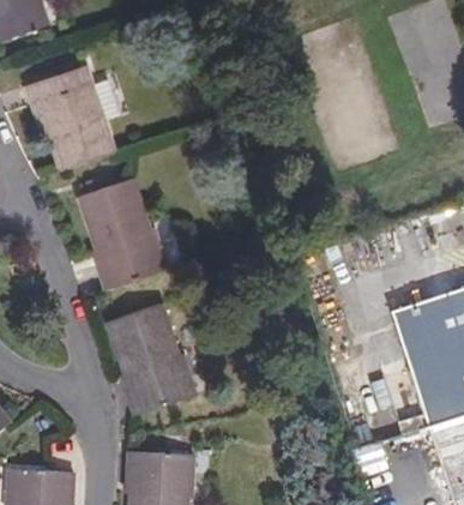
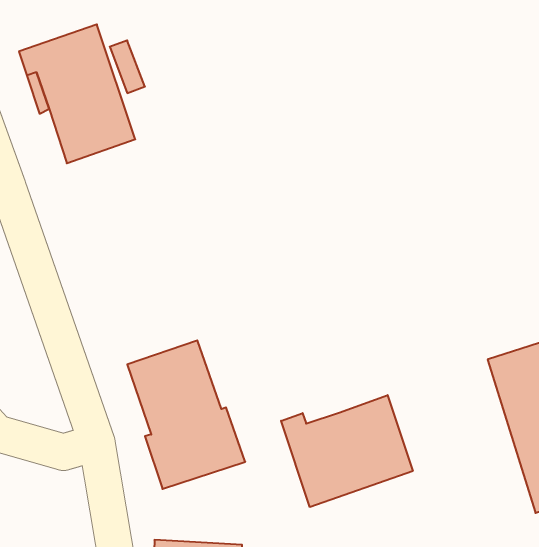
building: [79,176,168,288] -> none
building: none -> [281,395,413,507]

